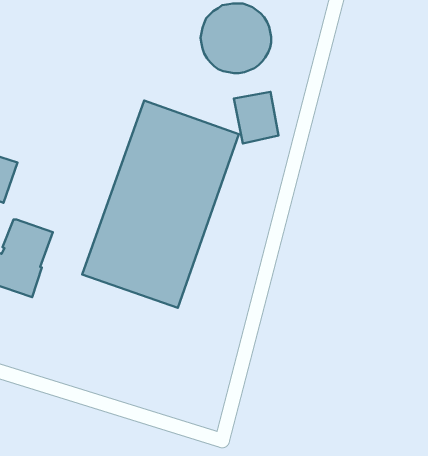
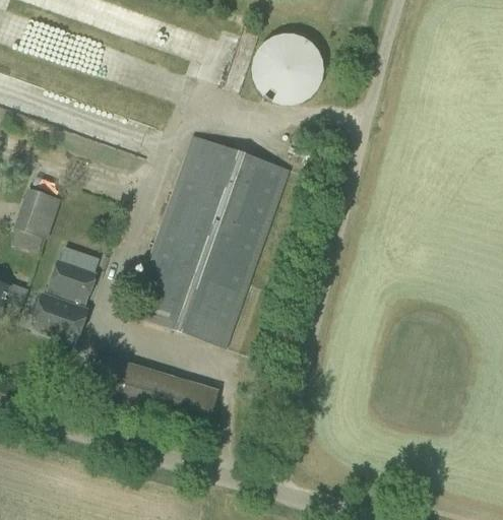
building: [234,92,278,143] -> none
building: none -> [85,352,218,432]

